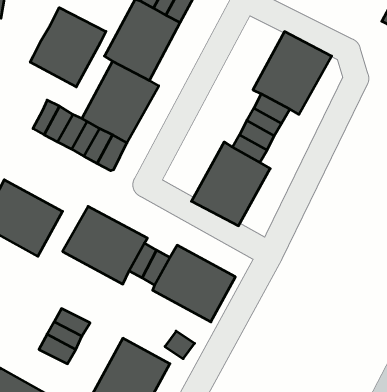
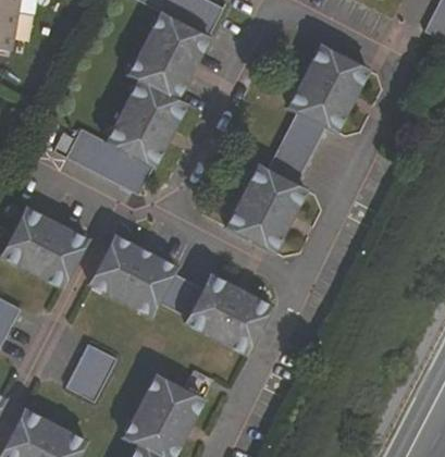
building: [30,8,106,87] -> none

